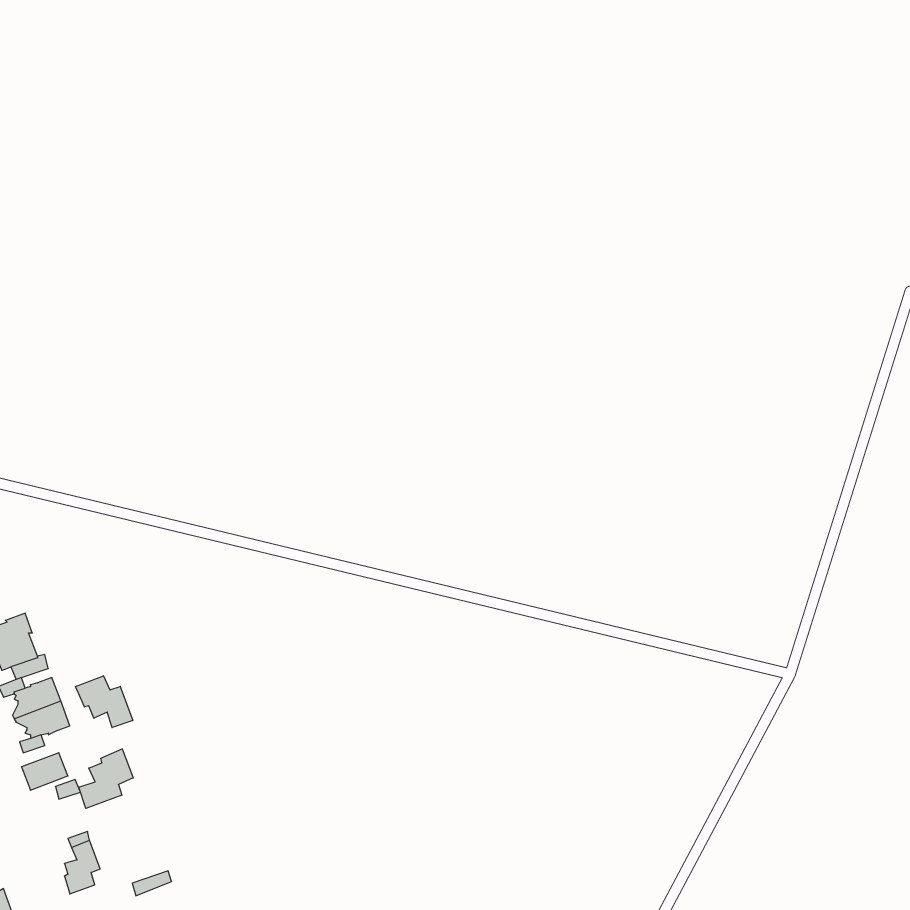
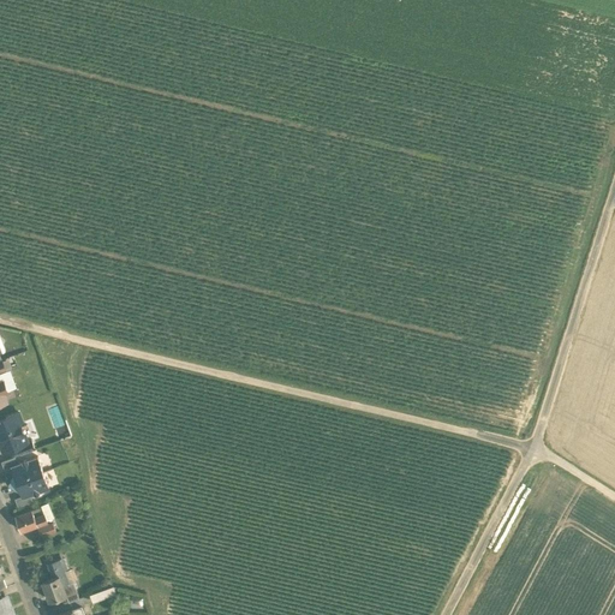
building: [75,676,133,728] -> none
building: [79,749,133,808] -> none

